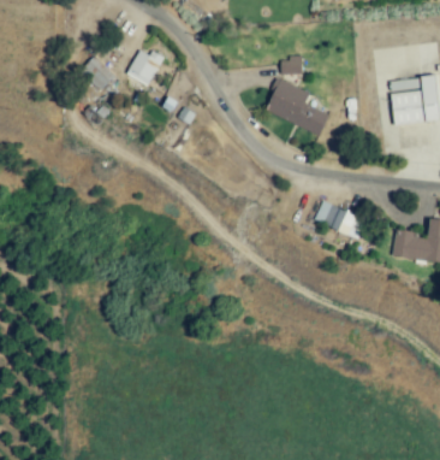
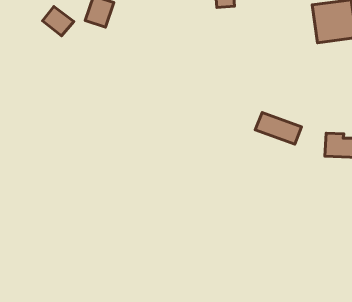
building: [267,78,329,134] -> none

